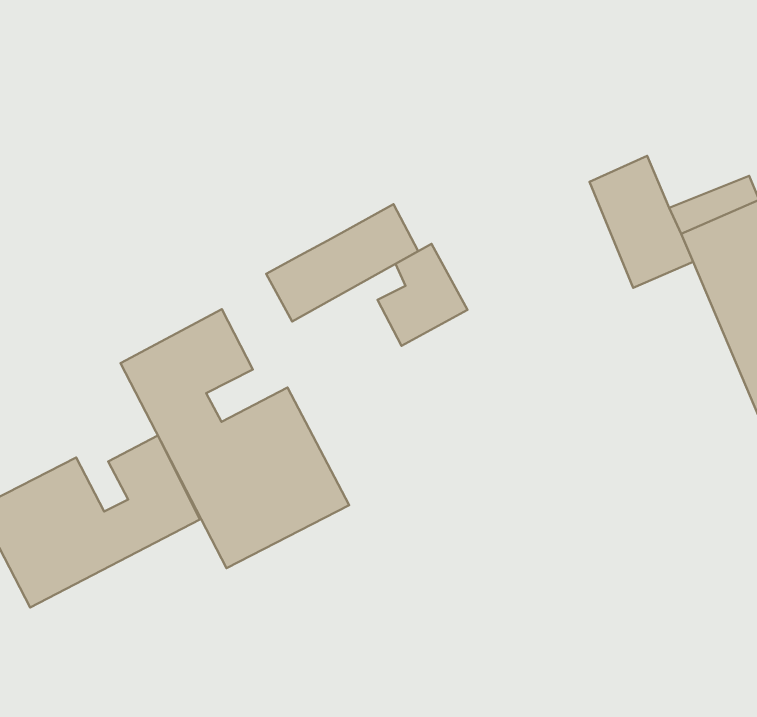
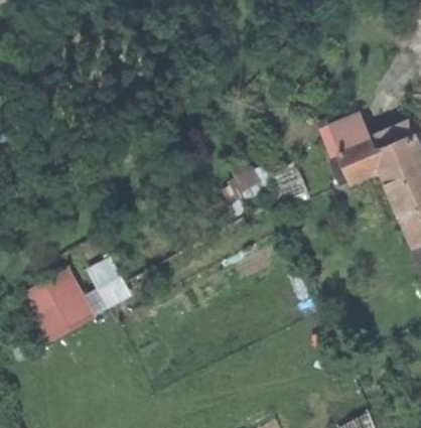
building: [266,204,418,322] -> none
building: [120,309,349,568] -> none

